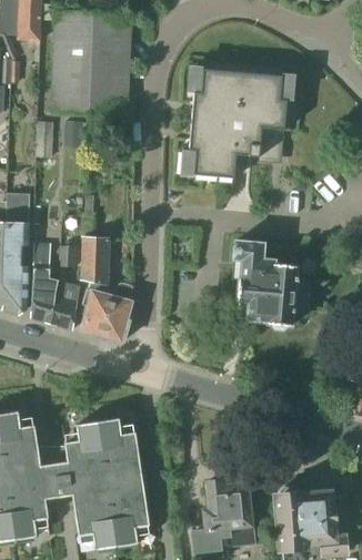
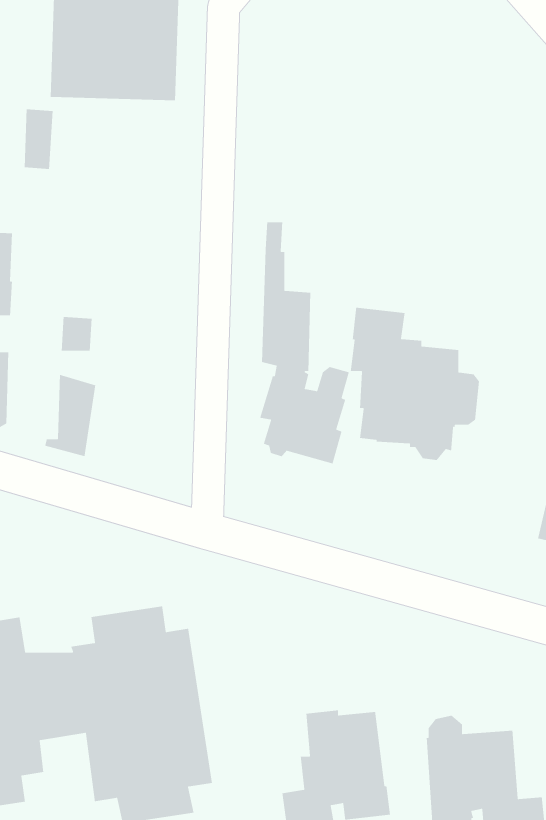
building: [188,68,290,179] -> none
building: [80,195,134,340] -> [259,222,350,465]
building: [31,242,58,323] -> none

